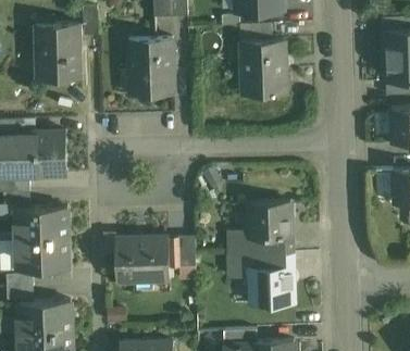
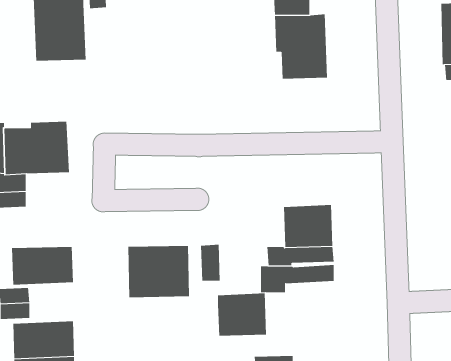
building: [127,39,173,95] -> none
building: [15,208,69,239] -> none
building: [250,267,293,304] -> [217,293,267,336]

